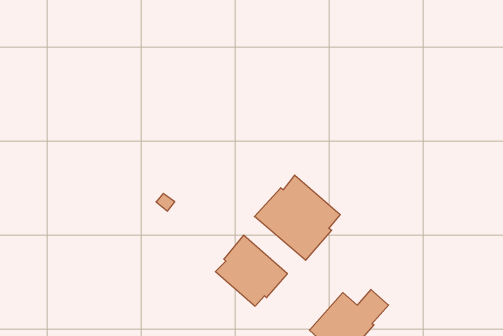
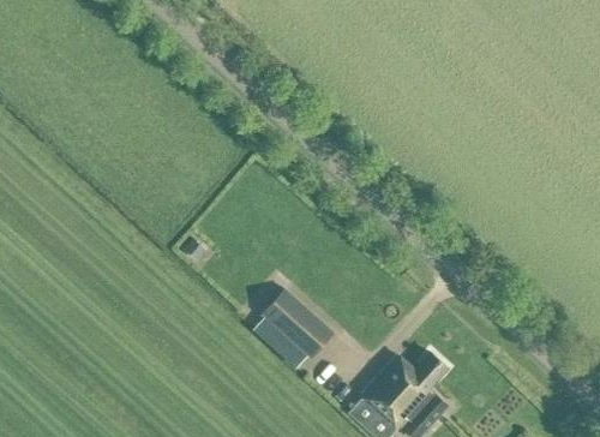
building: [254,175,340,260] -> none

